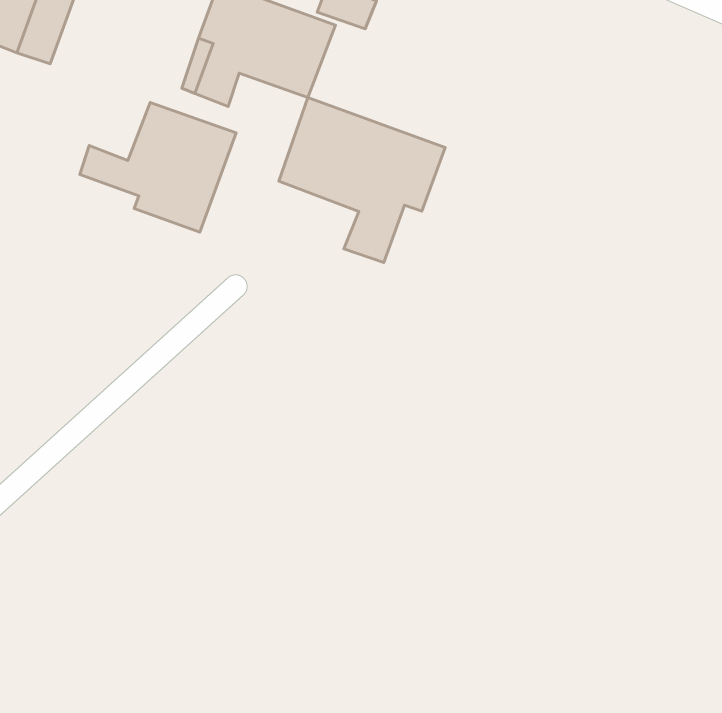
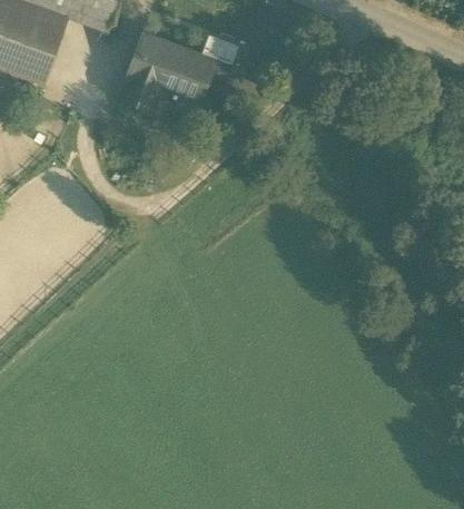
building: [279,97,445,263] -> none
building: [80,103,236,232] -> none

